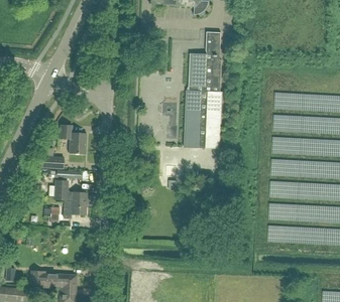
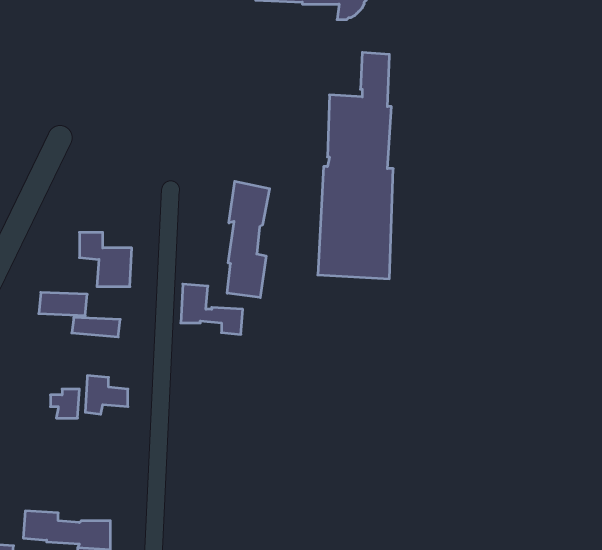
building: none -> [227,181,270,298]
building: [53,180,86,206] -> [181,284,243,334]

